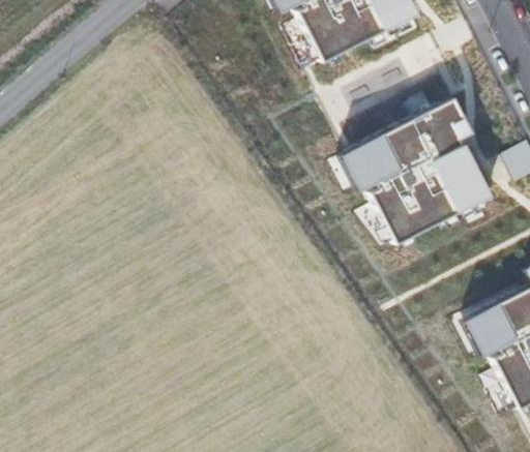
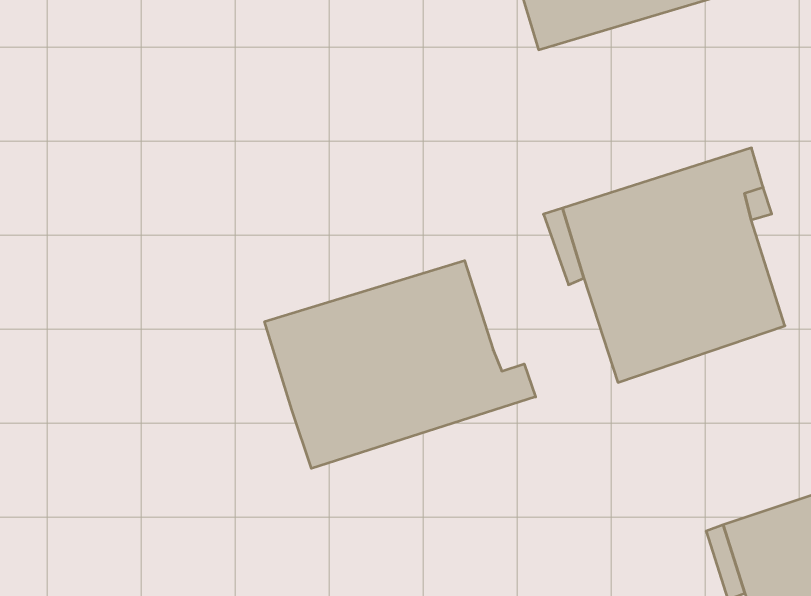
building: none -> [265,261,536,468]

